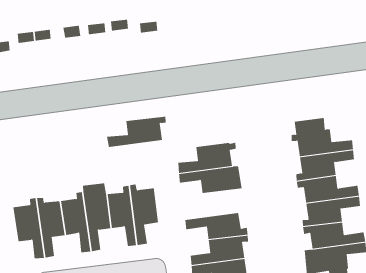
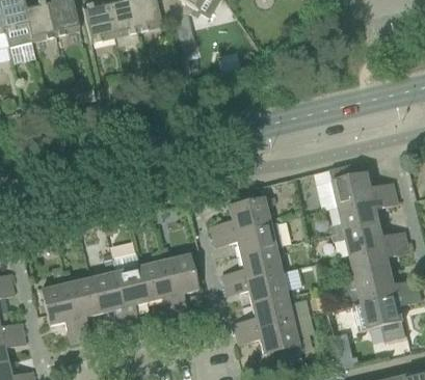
building: [106,116,166,148] -> [221,246,284,286]

